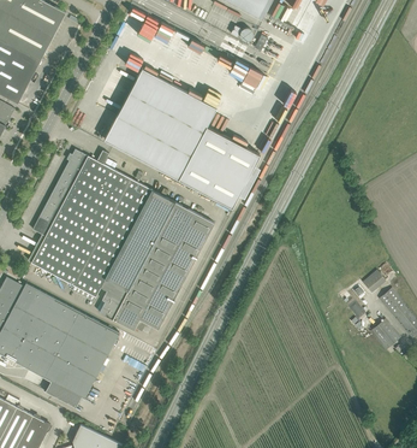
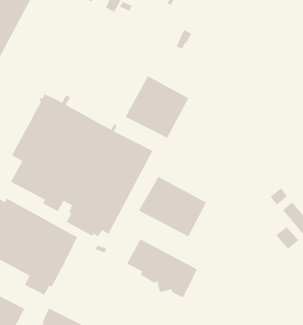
building: [103,69,215,179] -> none
building: none -> [138,176,207,237]
building: none -> [126,239,198,298]

